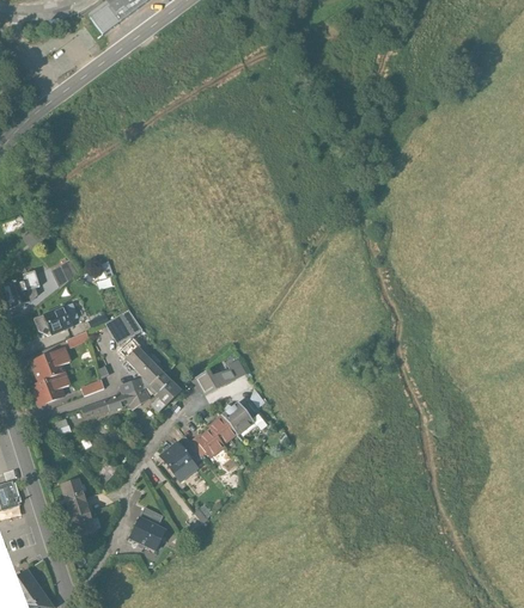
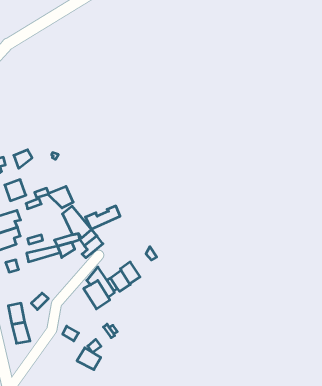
building: [196,360,245,395] -> [85,206,120,229]
building: [227,398,258,430] -> none
building: [129,520,163,549] -> [77,348,101,370]

